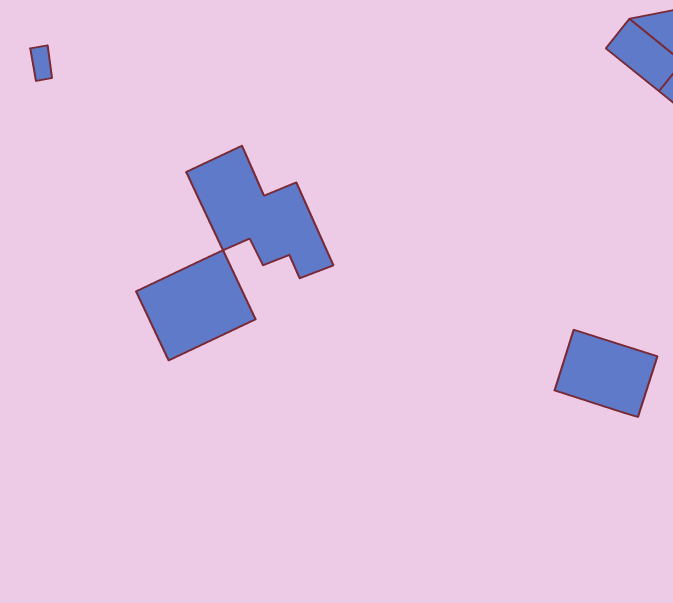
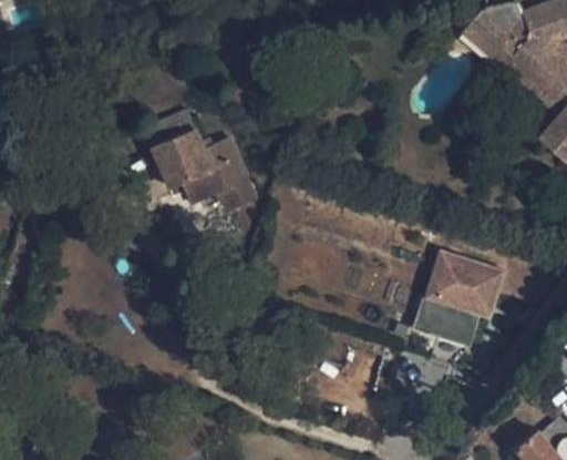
building: [136,250,256,360] -> none
building: none -> [414,295,476,344]

